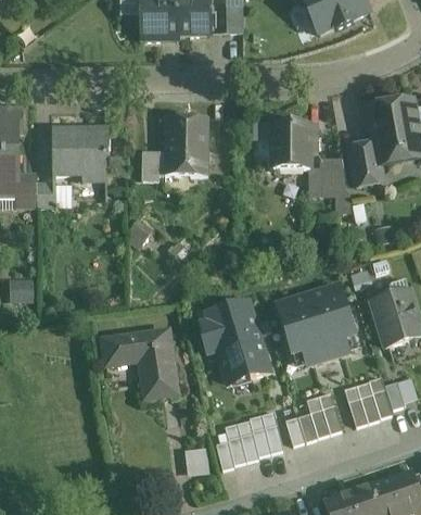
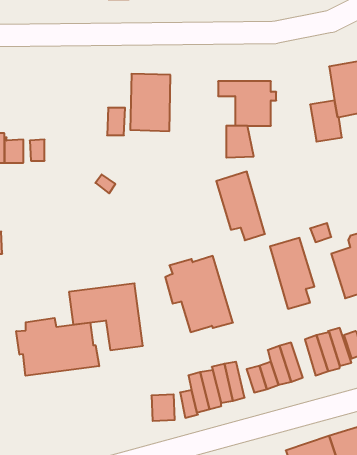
building: [52,131,109,181] -> none
building: [321,158,349,190] -> [226,126,254,158]
building: [278,293,328,364] -> [216,172,265,240]
building: none -> [16,318,99,376]

